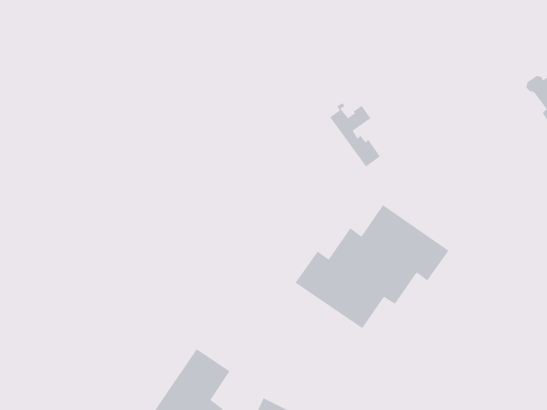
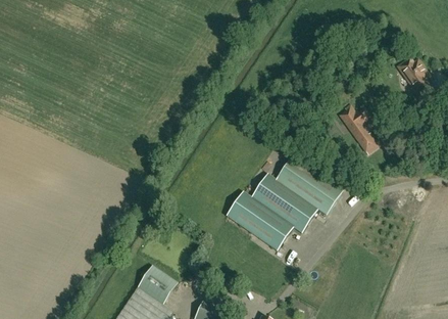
building: [329,102,381,167] -> [340,104,379,153]

